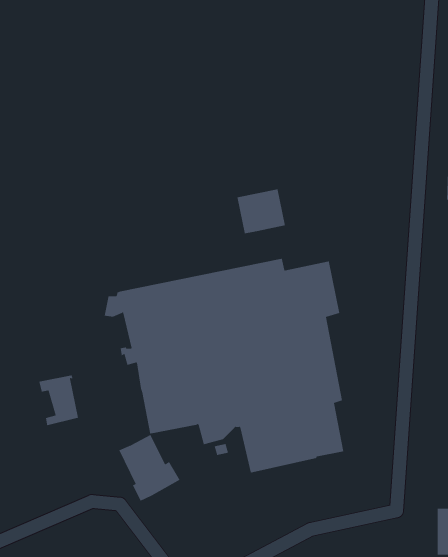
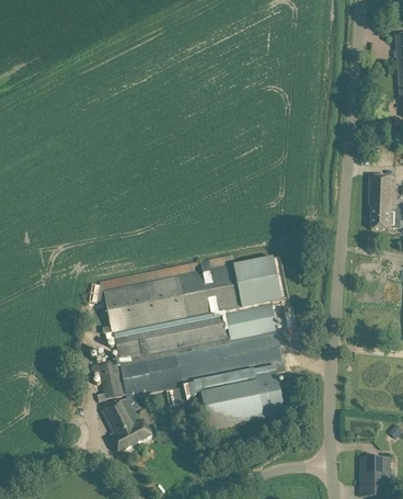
building: [237,189,285,234] -> none
building: [39,375,79,426] -> [92,360,125,401]

